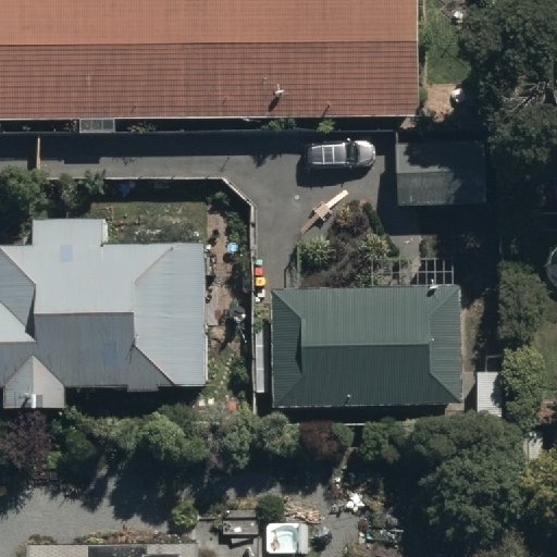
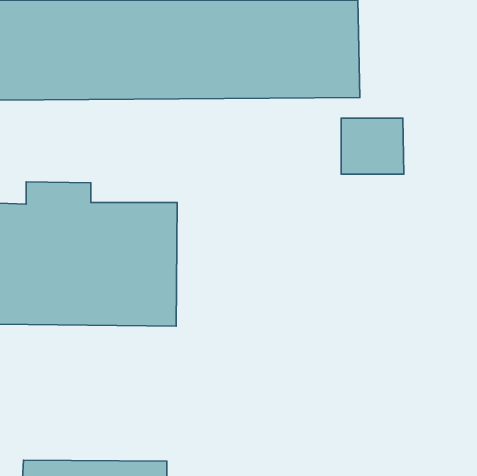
building: [270,284,463,406] -> none

